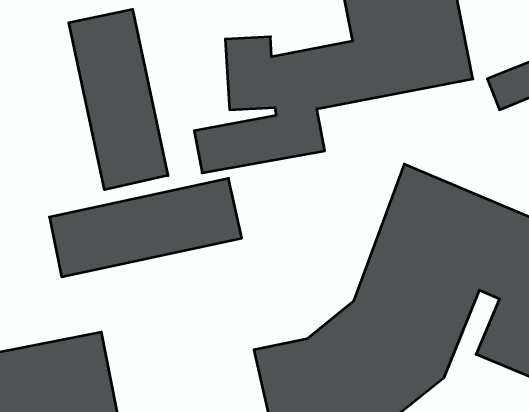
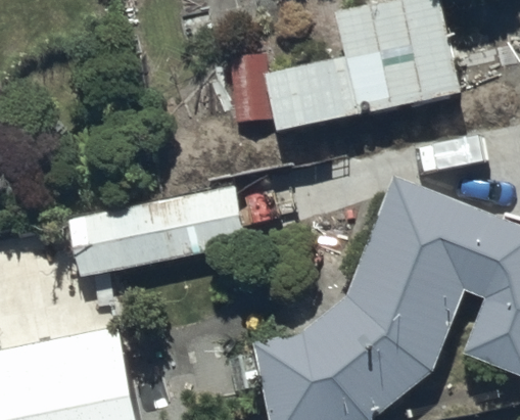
building: [69,9,168,190] -> none

